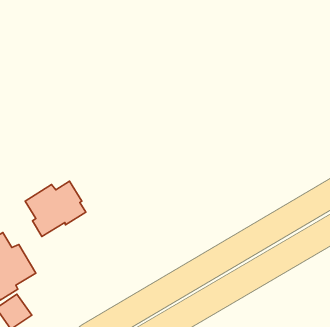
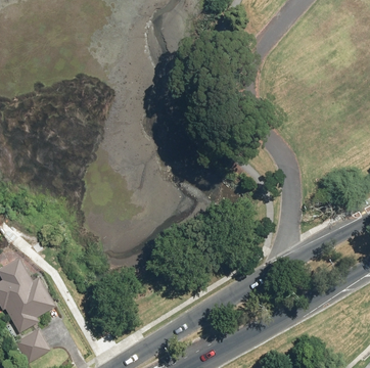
building: [25,181,86,237] -> none

